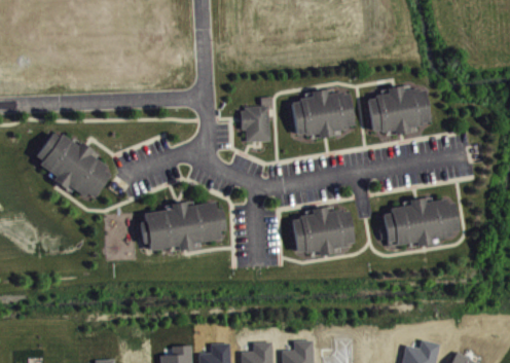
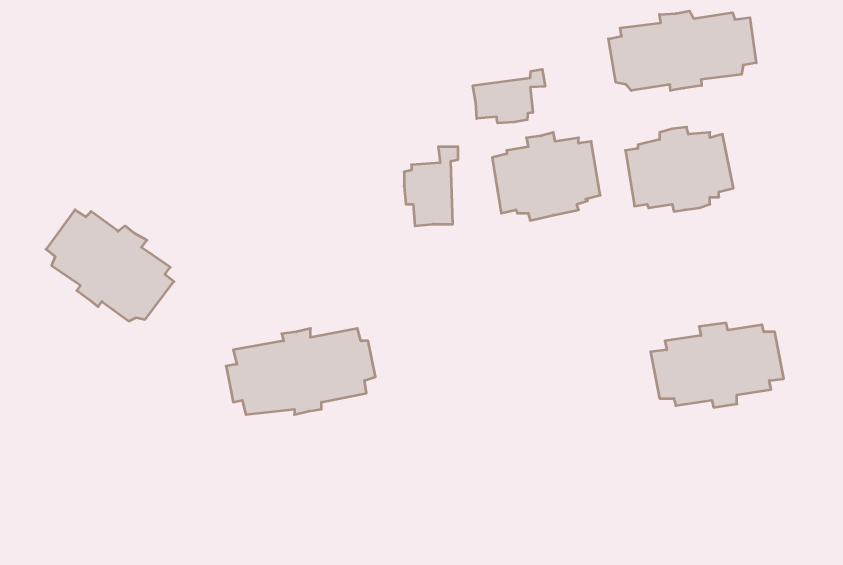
building: none -> [608,11,756,91]
building: none -> [473,69,545,123]
building: [291,207,353,255] -> none

